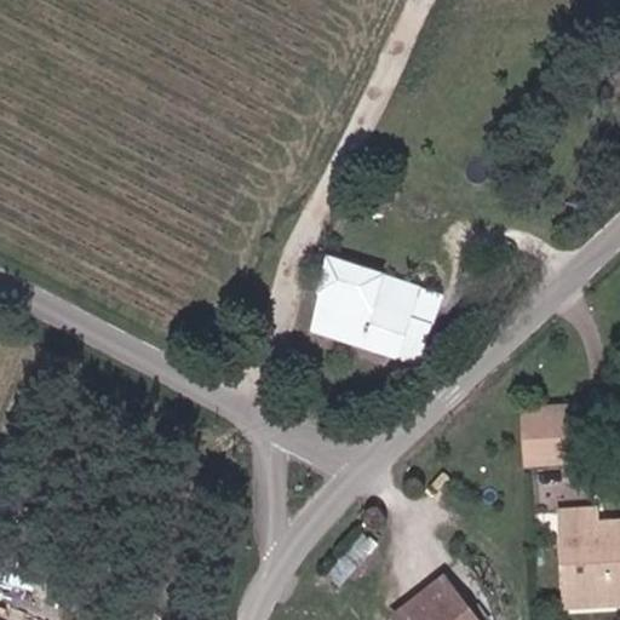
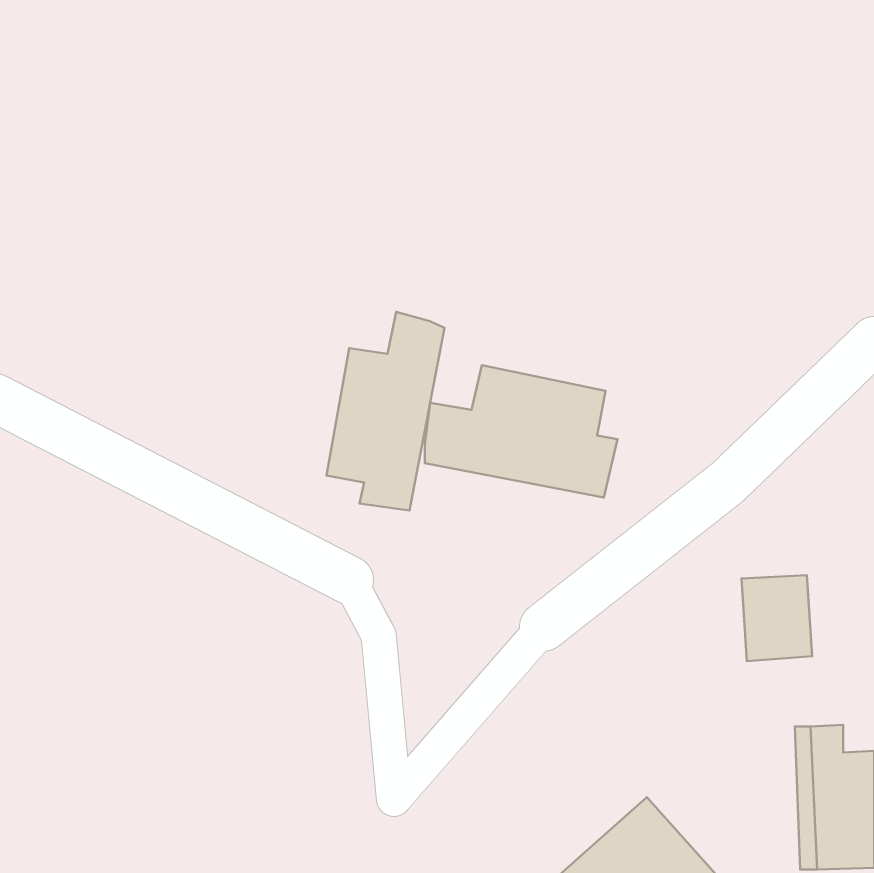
building: none -> [327,312,445,511]

